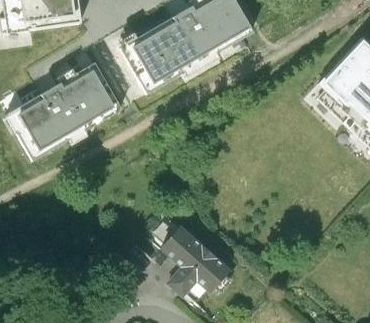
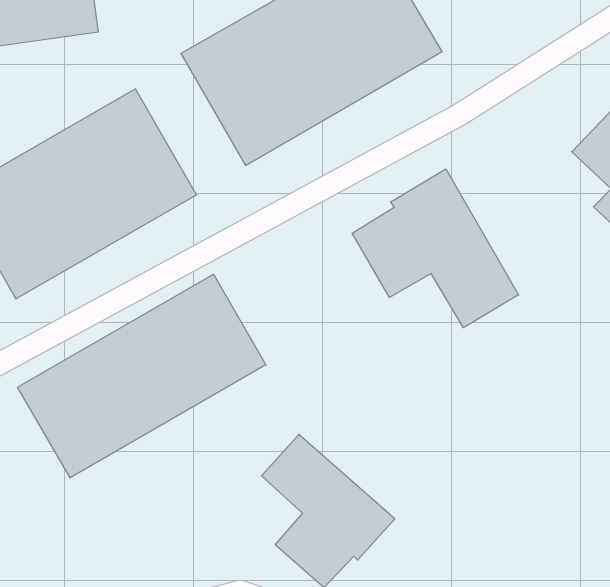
building: none -> [352,169,519,328]
building: none -> [18,274,266,478]

